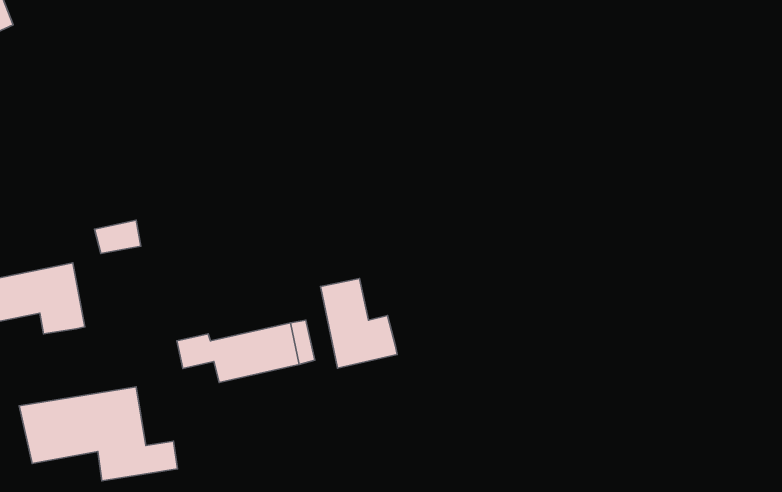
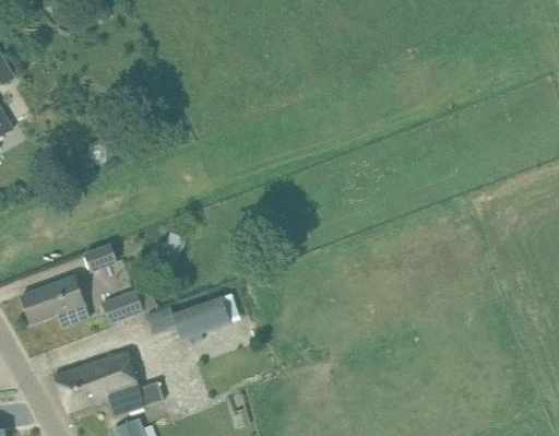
building: [320,279,397,368] -> none
building: none -> [100,287,157,327]

